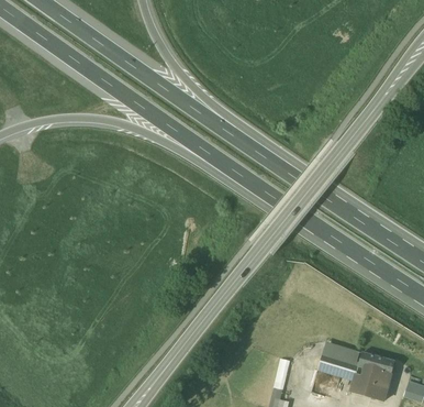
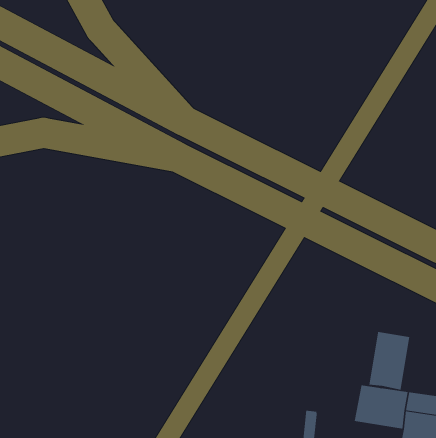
building: none -> [369,331,410,391]

